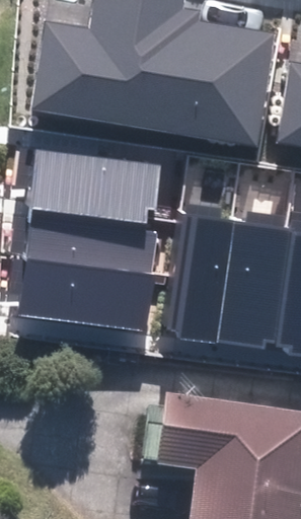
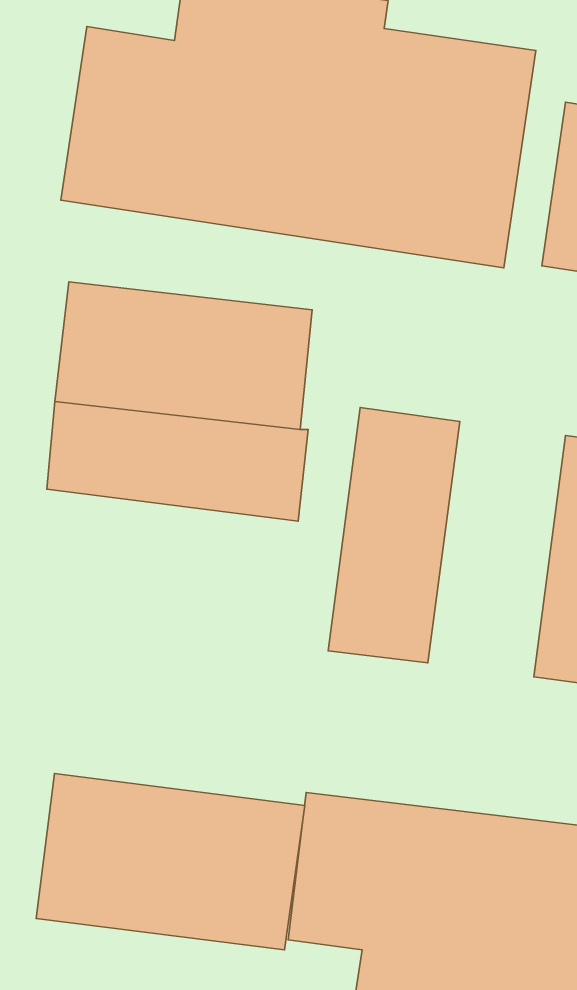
building: [220,222,290,352] -> none
building: [19,256,154,330] -> none
building: none -> [36,774,305,950]

